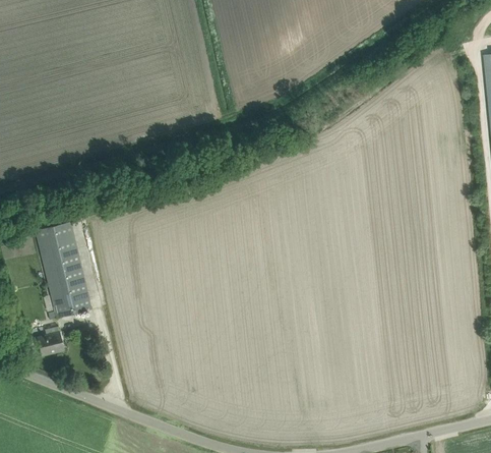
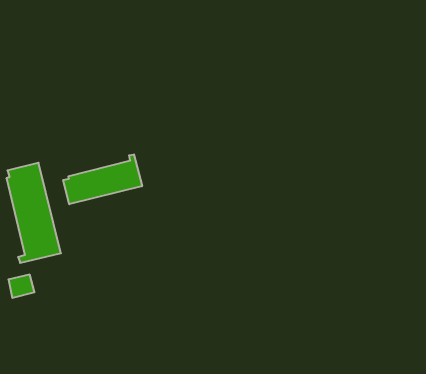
building: none -> [63,154,142,204]

